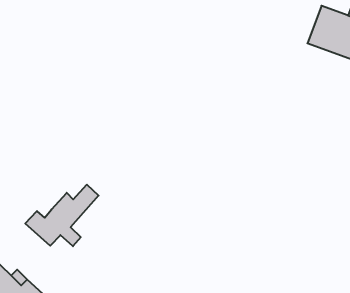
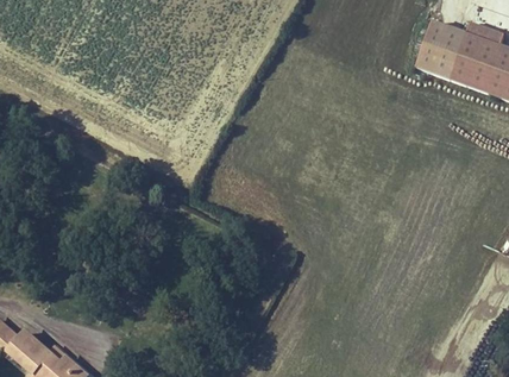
building: [25,185,99,246] -> none

